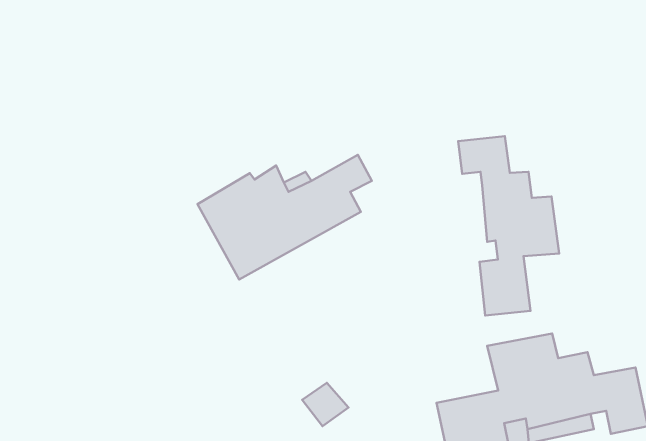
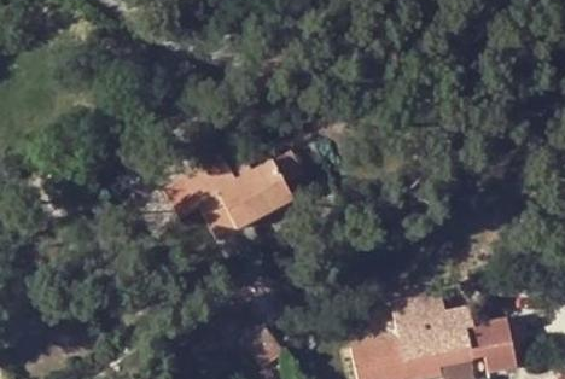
building: [458,136,559,315] -> none

